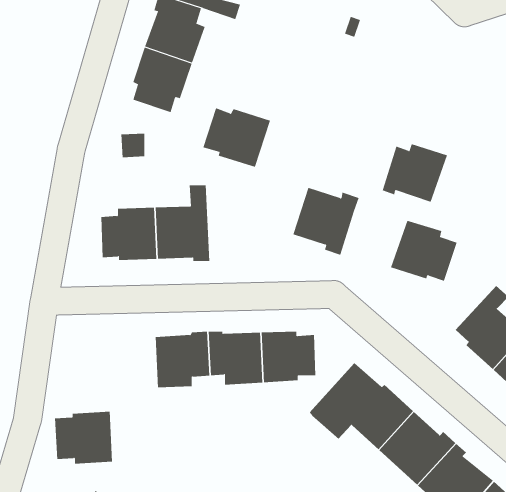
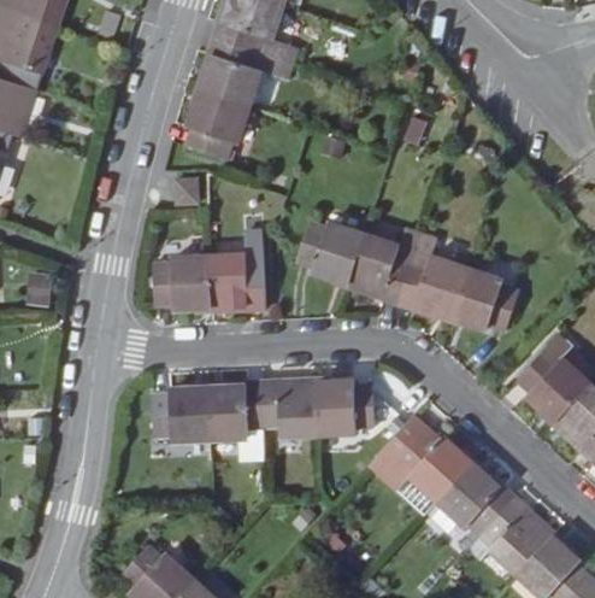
building: [202,107,271,168] -> [296,222,366,283]
building: [382,143,448,202] -> [400,257,467,317]
building: [54,411,113,464] -> [152,388,212,442]

